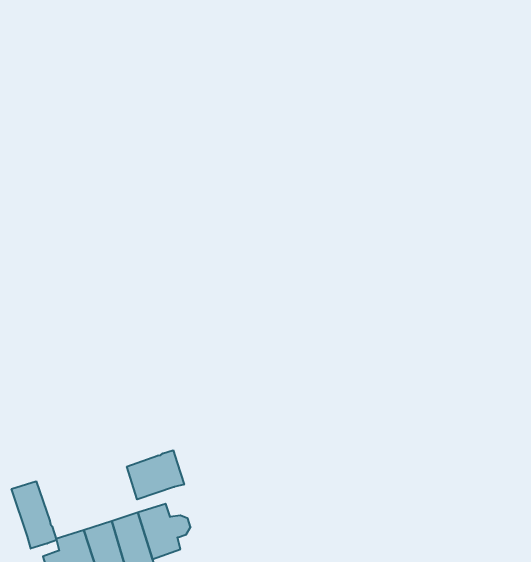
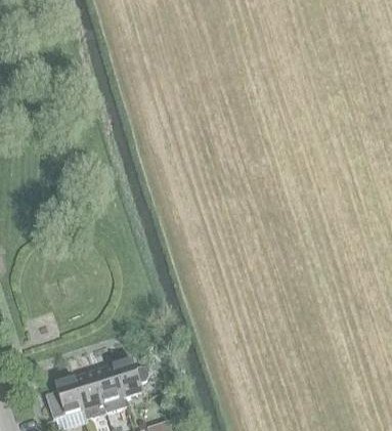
building: [127,450,184,499] -> none
building: [12,481,56,549] -> none

